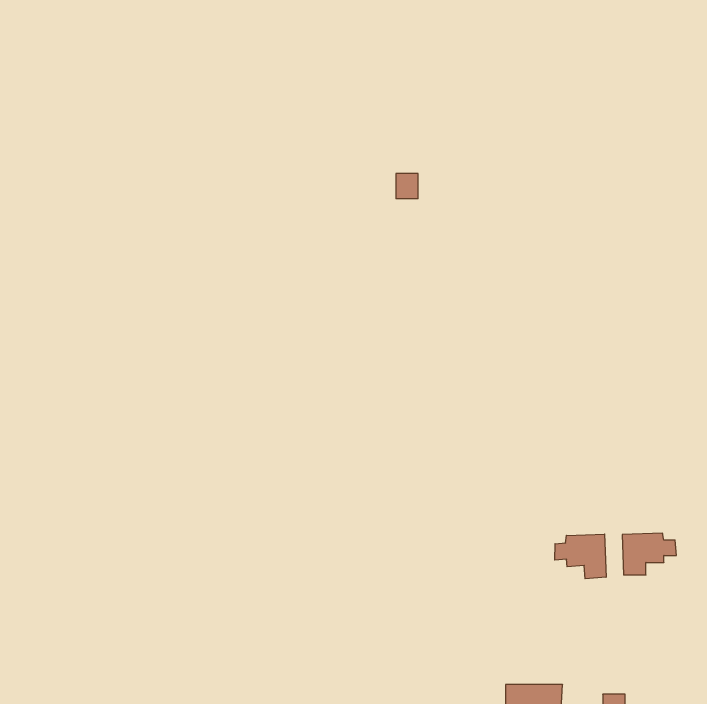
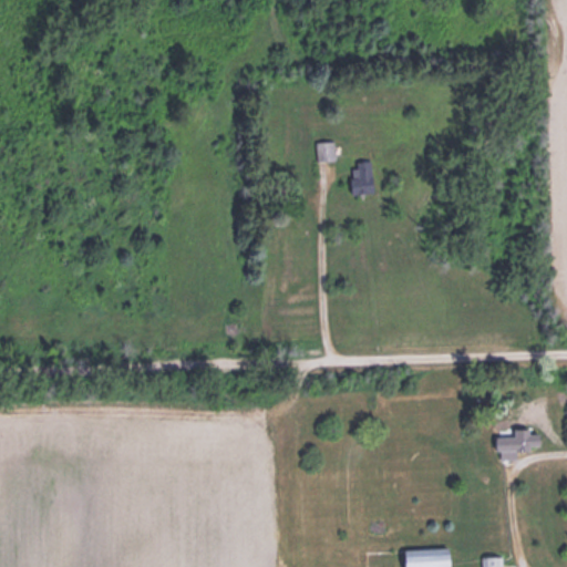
building: none -> [353,163,374,195]
building: [555,534,606,579] -> none

